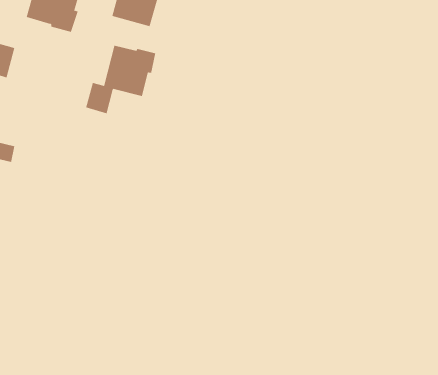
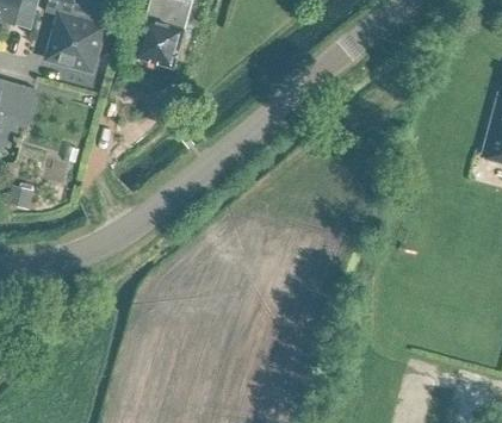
building: [85,45,156,114] -> none

